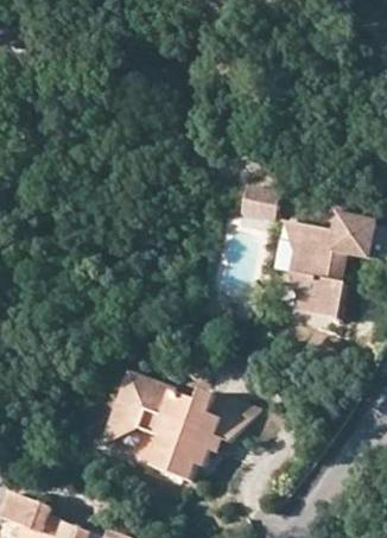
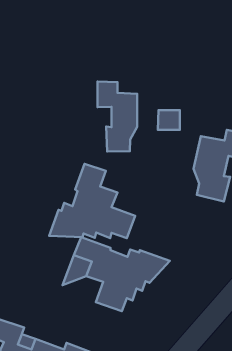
building: none -> [98,82,137,151]
building: none -> [49,164,135,238]

